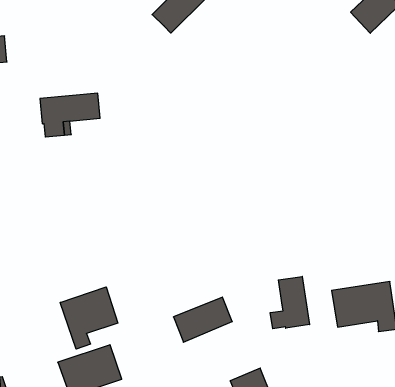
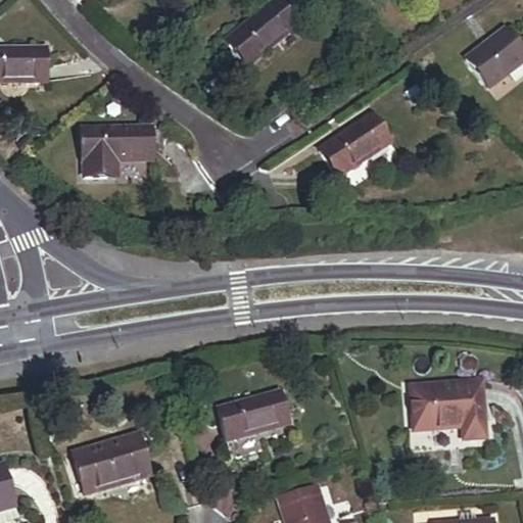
building: none -> [320,113,389,174]
building: [270,276,310,329] -> none
building: [60,287,118,349] -> none

